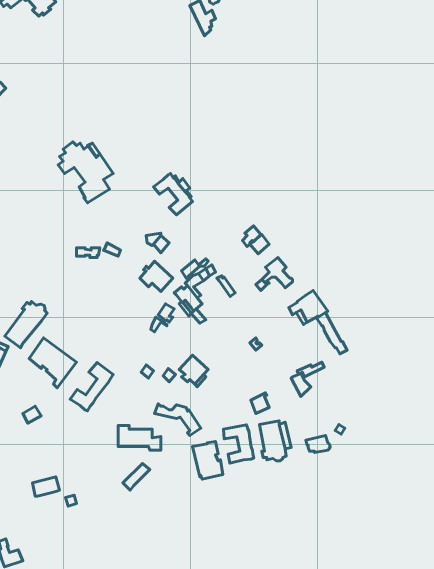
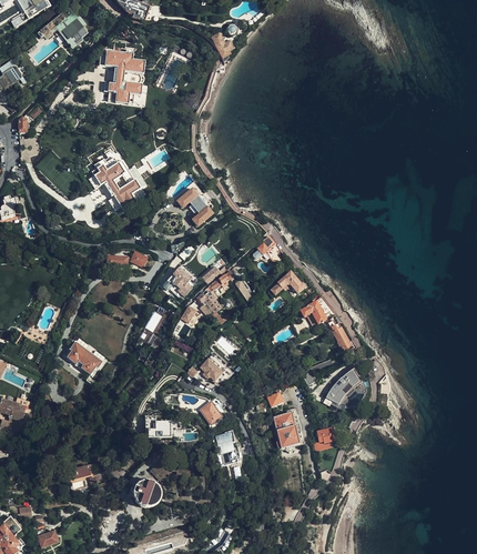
building: none -> [99,51,142,103]
building: [5,301,47,348] -> none
building: [70,363,113,411] -> none
building: none -> [326,370,358,404]
building: [223,425,254,463] -> none
building: none -> [131,480,161,506]

